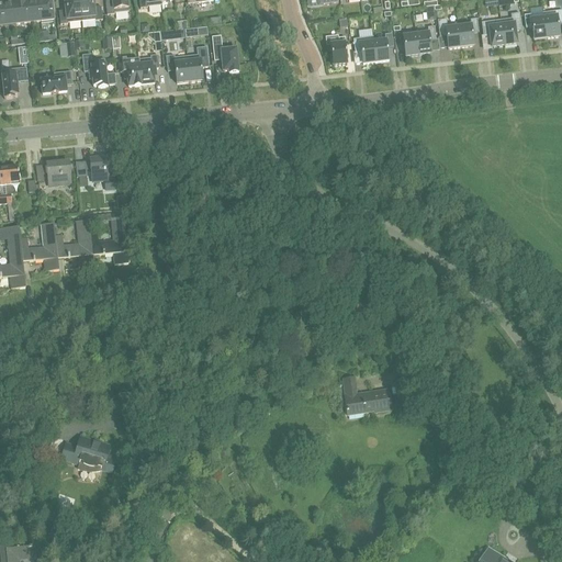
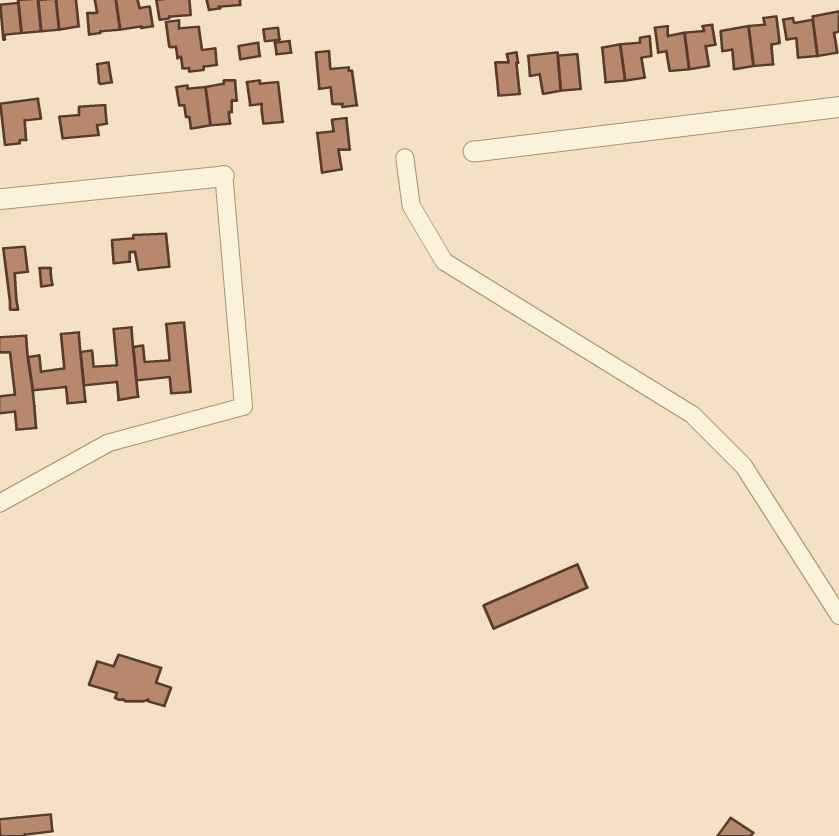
building: [186,45,207,81] -> [317,118,350,173]
building: [81,53,115,87] -> [166,20,217,71]
building: [35,160,69,184] -> none

